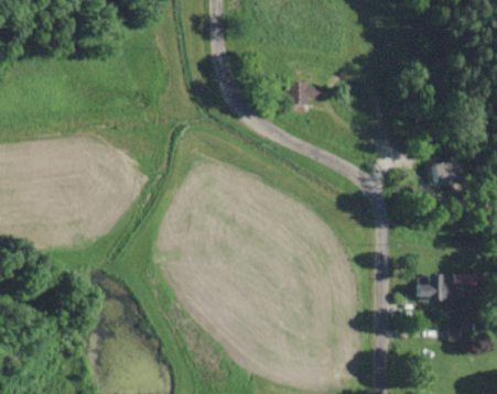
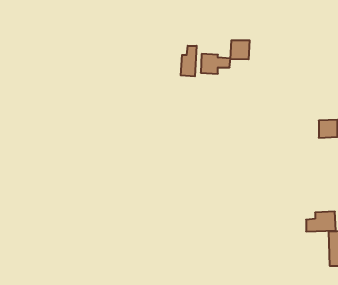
building: none -> [230,40,250,59]
building: none -> [181,46,197,76]

